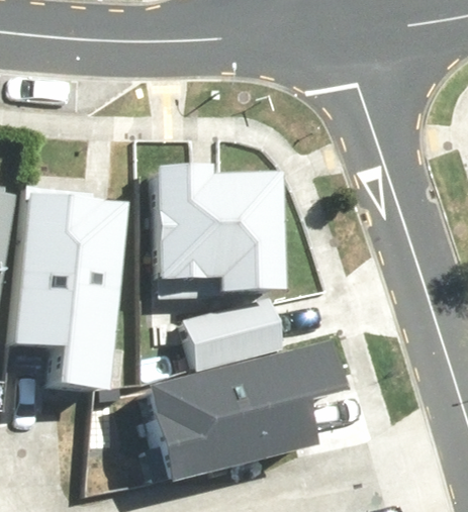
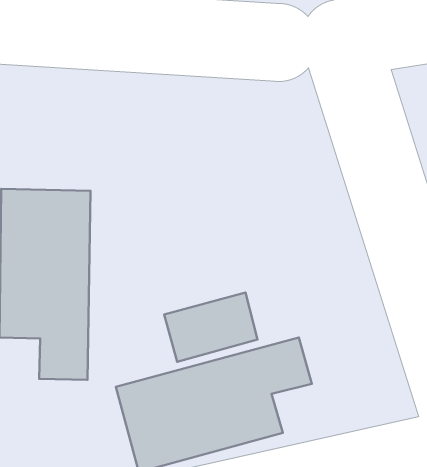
building: [163,164,280,294] -> none

